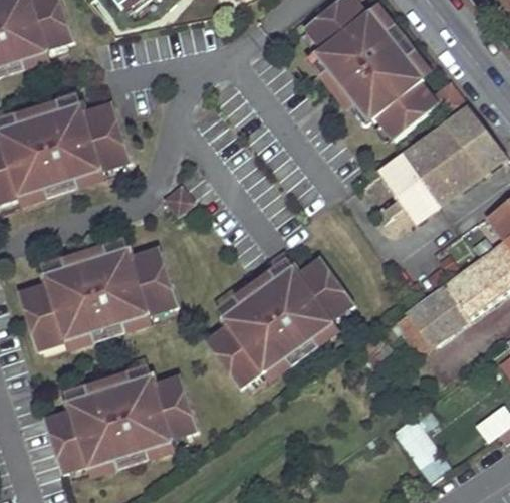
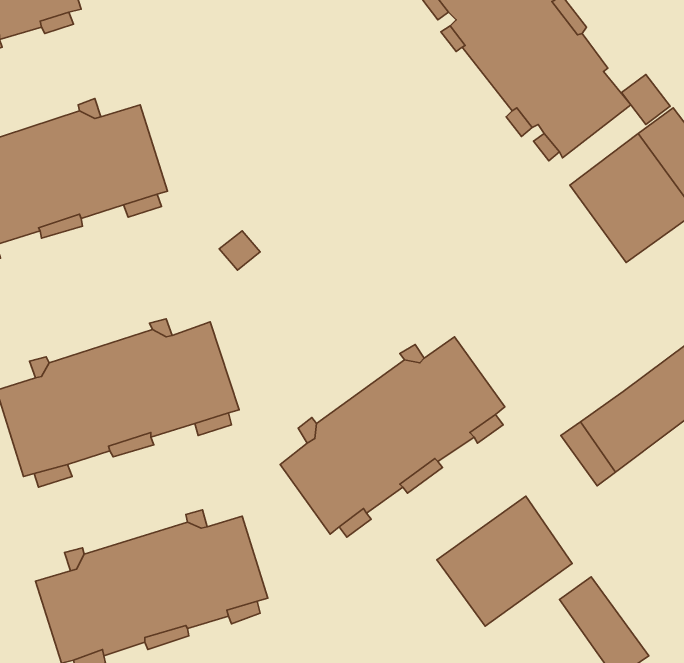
building: [374,155,435,224] -> none
building: none -> [437,496,572,626]

